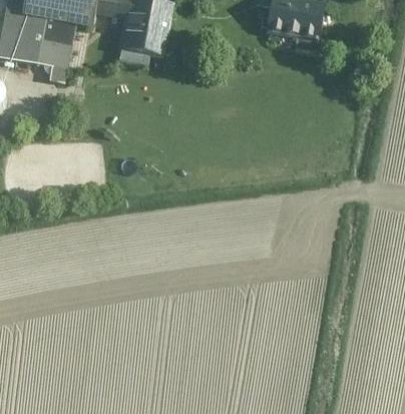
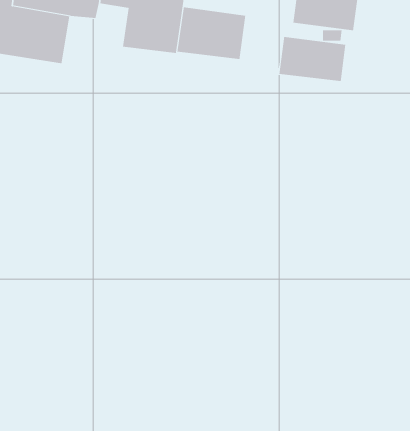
building: none -> [177,6,246,60]
building: none -> [279,36,346,82]

